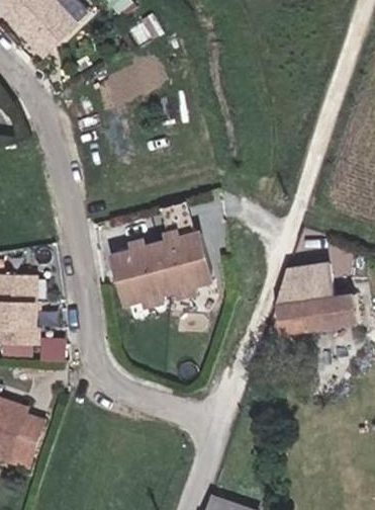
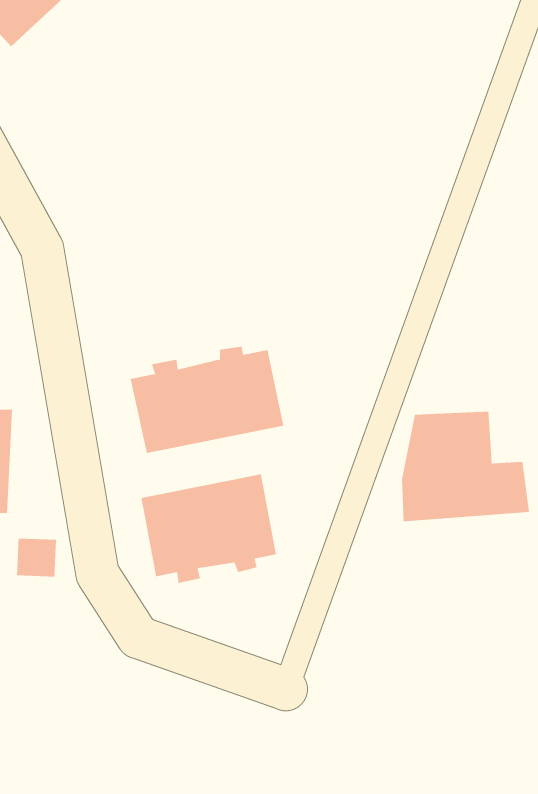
building: none -> [141,473,277,584]

